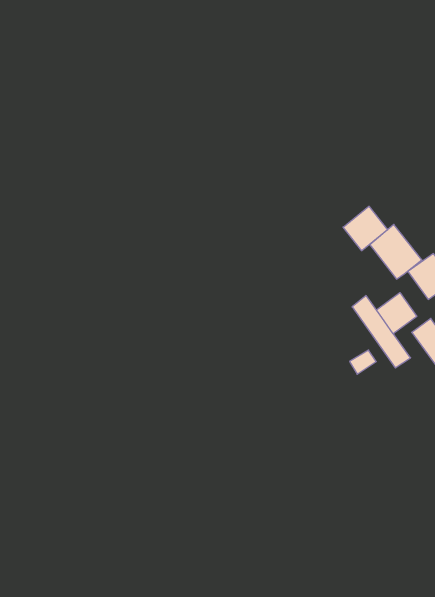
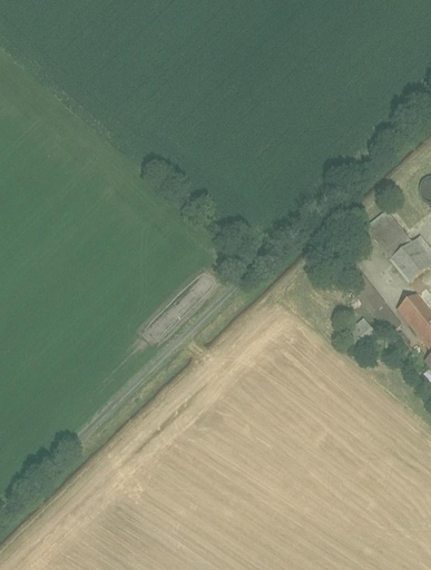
building: [343,206,388,251] -> none
building: [376,293,417,334] -> none

